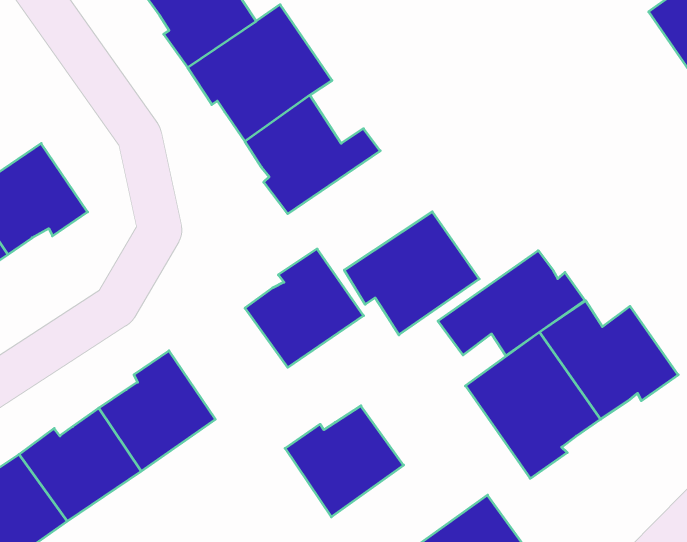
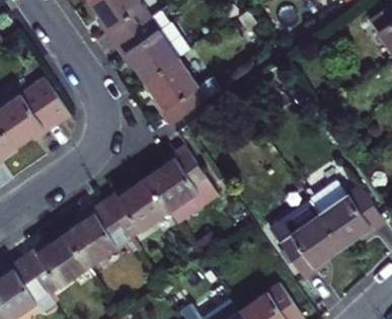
building: [344,212,479,335] -> none
building: [438,251,585,356] -> none
building: [285,406,404,517] -> [104,179,169,240]

